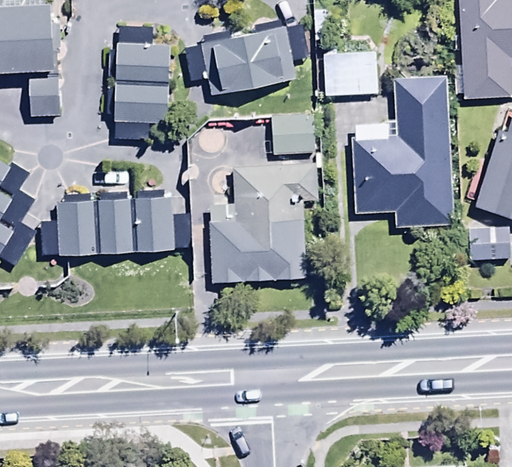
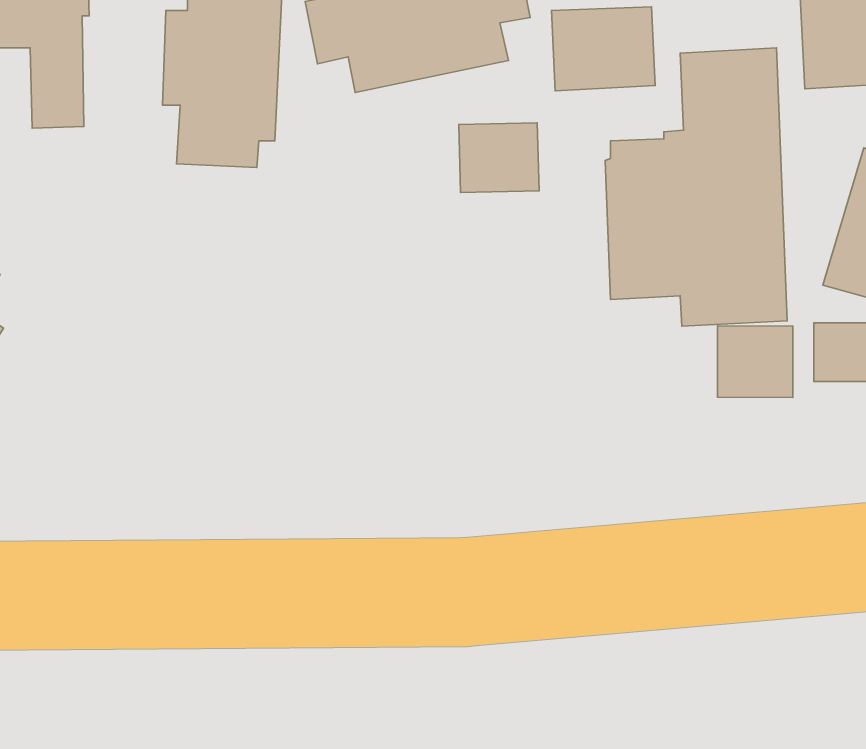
building: [208,163,329,281] -> none
building: [45,195,190,256] -> none
building: none -> [717,326,793,397]

